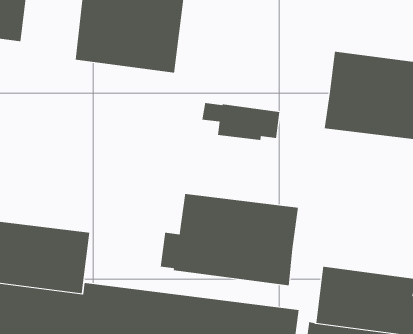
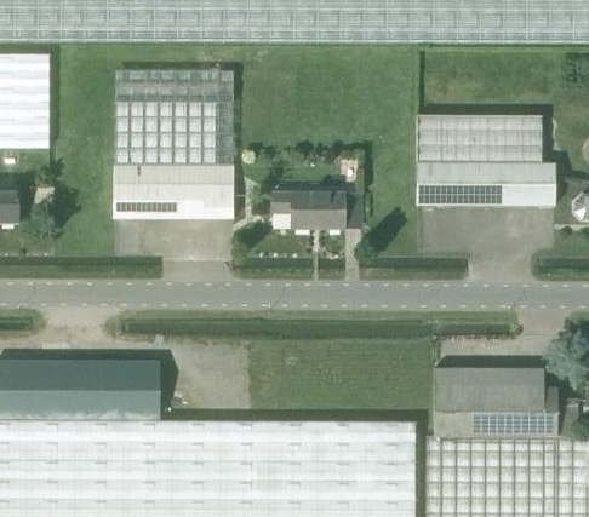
building: none -> [113,161,233,219]
building: [160,193,299,286] -> none

